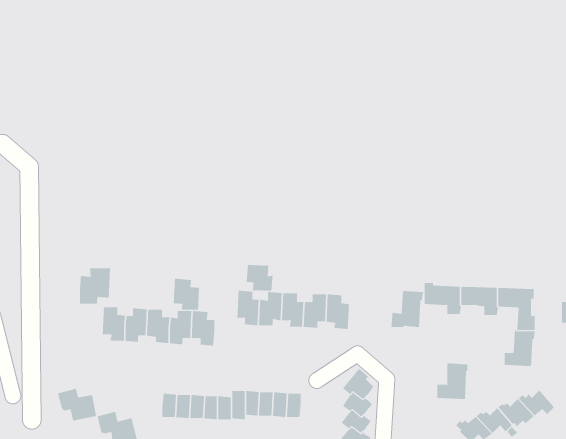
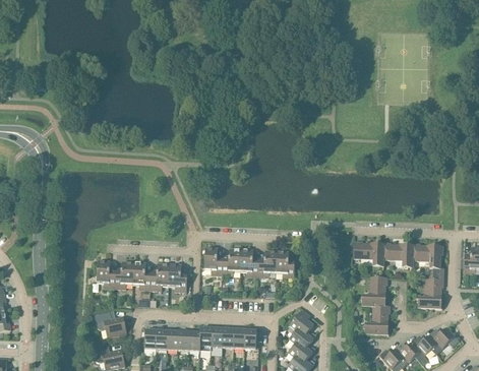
building: [246,264,273,292] -> none
building: [79,268,111,305] -> none
building: [173,278,199,311] -> none
building: [391,290,424,327] -> [361,276,387,306]
building: [57,388,97,421] -> [95,311,126,337]

